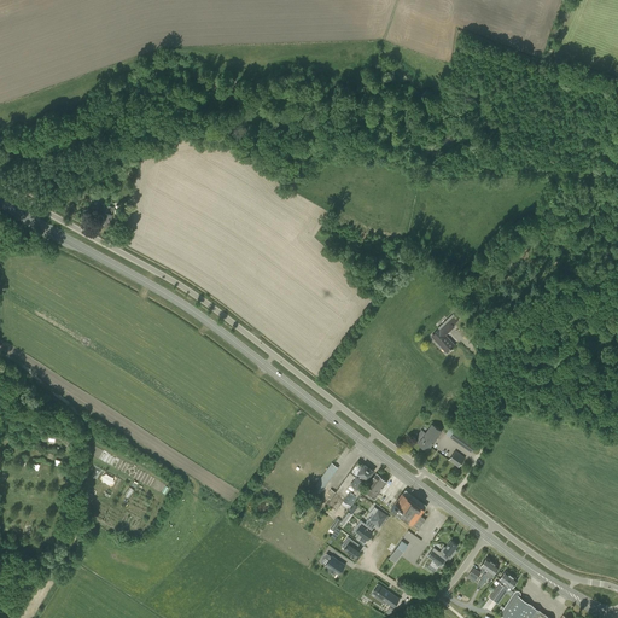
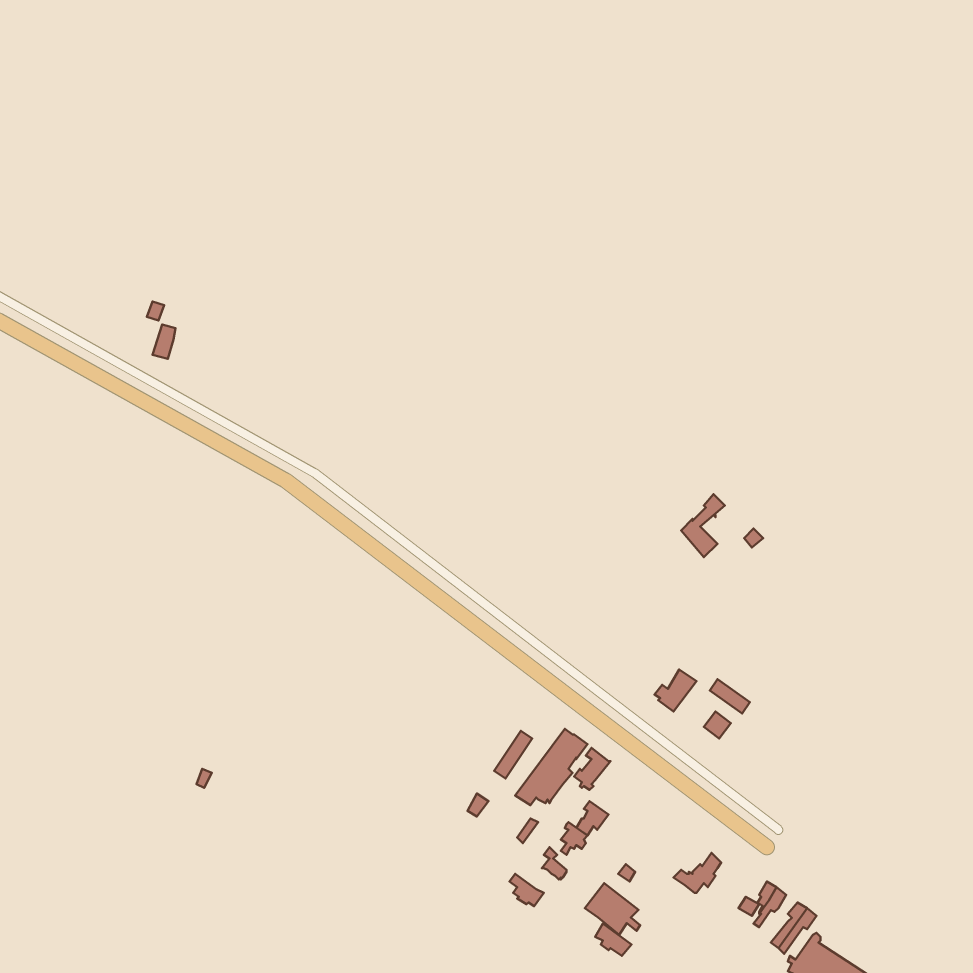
building: [390,494,425,526] -> [585,883,640,935]

